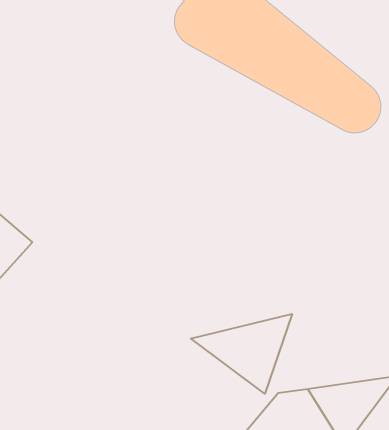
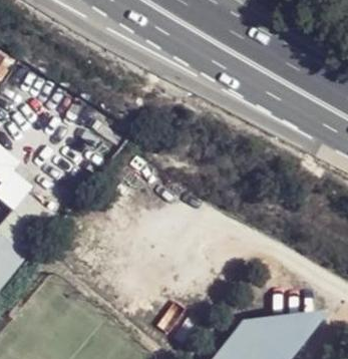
building: [191,314,292,394] -> none

